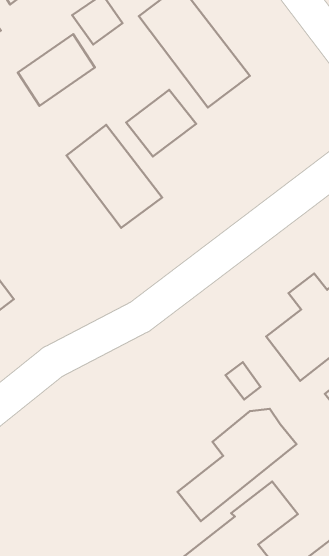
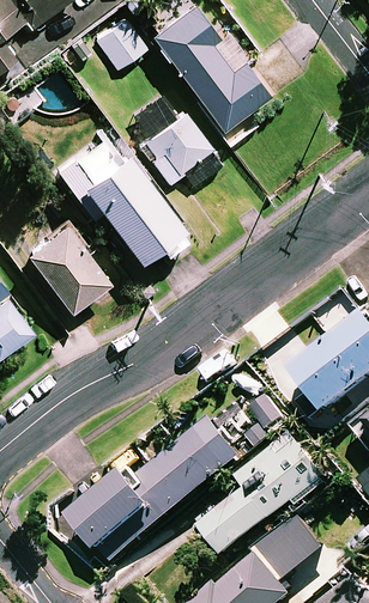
building: [18,34,95,106] -> none
building: none -> [28,223,108,310]
building: none -> [66,418,236,561]

